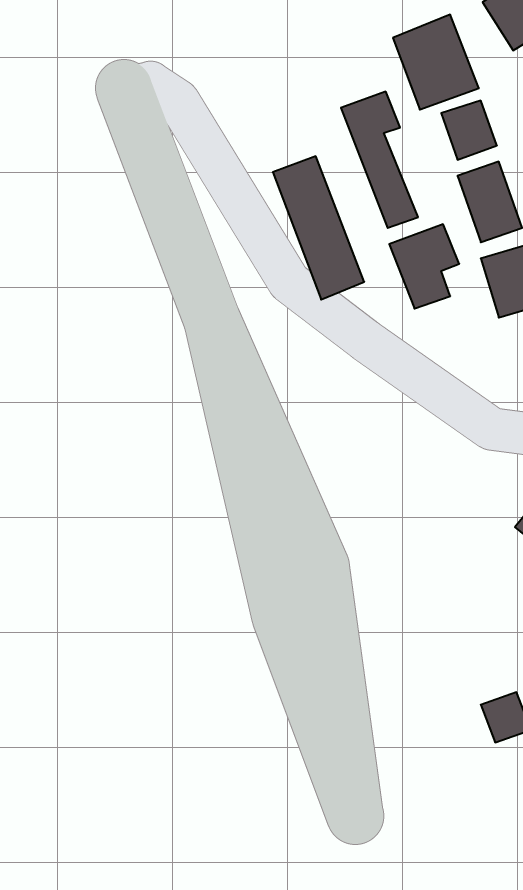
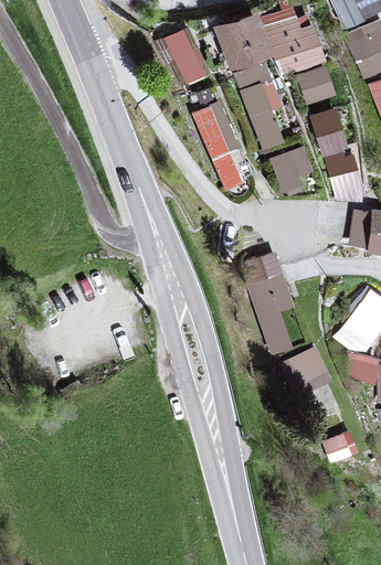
building: none -> [209,11,265,70]
building: none -> [169,29,209,85]
building: none -> [253,270,296,350]
building: none -> [282,344,330,394]

